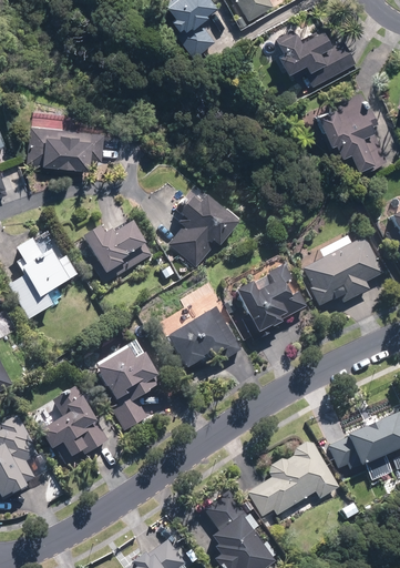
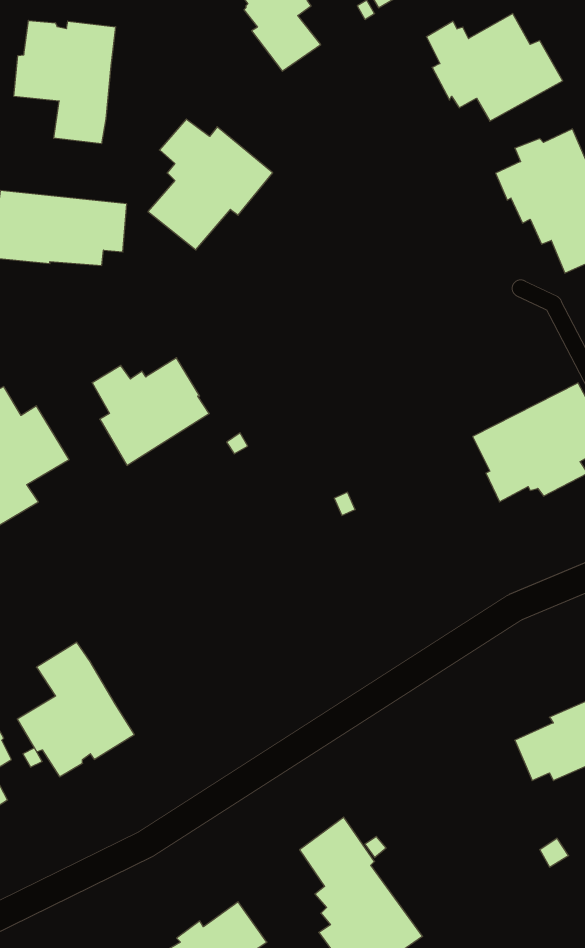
building: none -> [14,20,116,144]
building: [168,191,240,266] -> [148,119,273,250]
building: [237,265,307,342] -> none
building: [168,307,242,368] -> none
building: [96,348,162,430] -> none
building: [247,438,339,514] -> none

